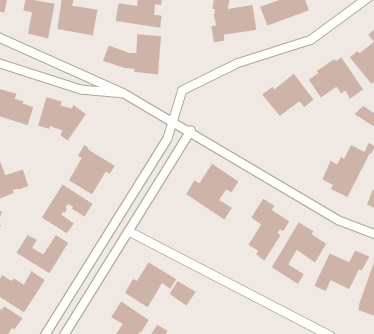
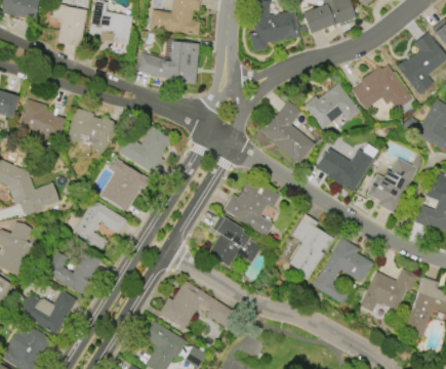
building: none -> [260,101,315,163]
building: none -> [118,127,171,175]
building: none -> [317,149,374,194]
building: none -> [207,215,261,268]

